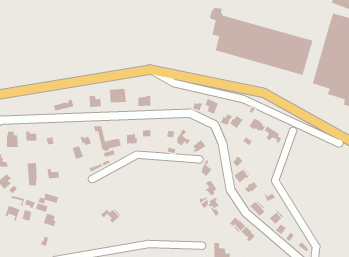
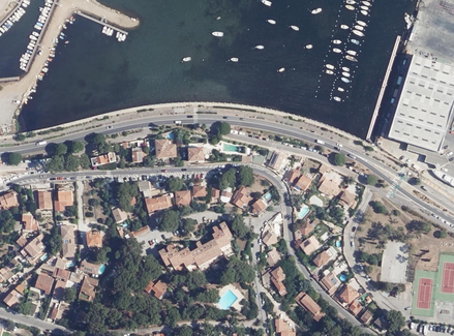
building: [209,7,313,76] -> none
building: none -> [160,224,232,268]

